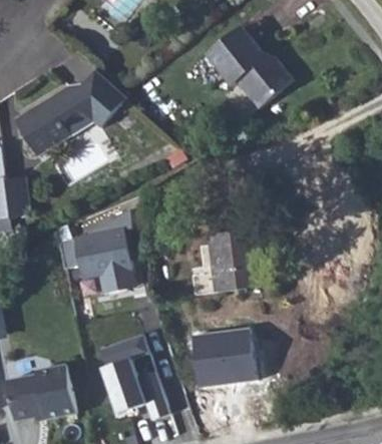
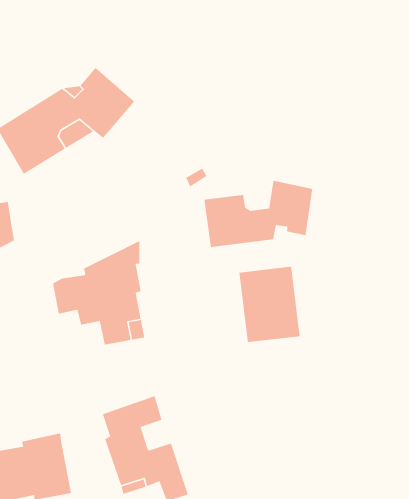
building: [205,26,292,108] -> none
building: none -> [203,180,313,248]
building: [187,328,255,386] -> none

